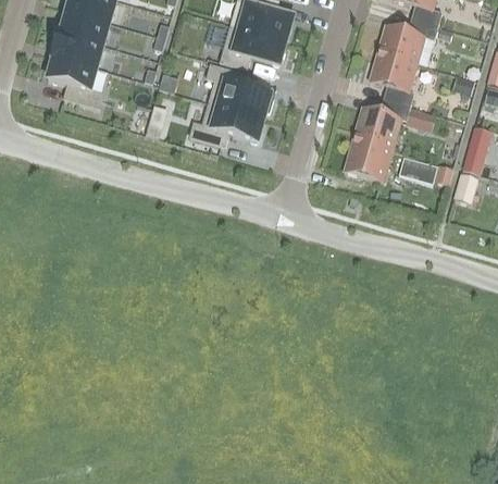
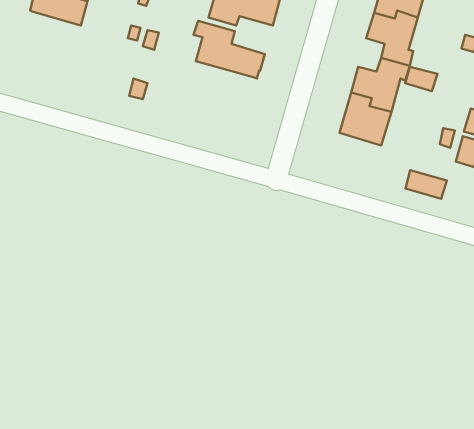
building: [43,54,102,108] -> none
building: [189,102,265,146] -> none
building: [398,156,437,183] -> [406,170,447,199]

